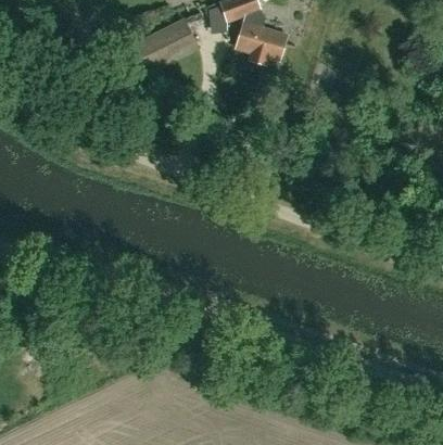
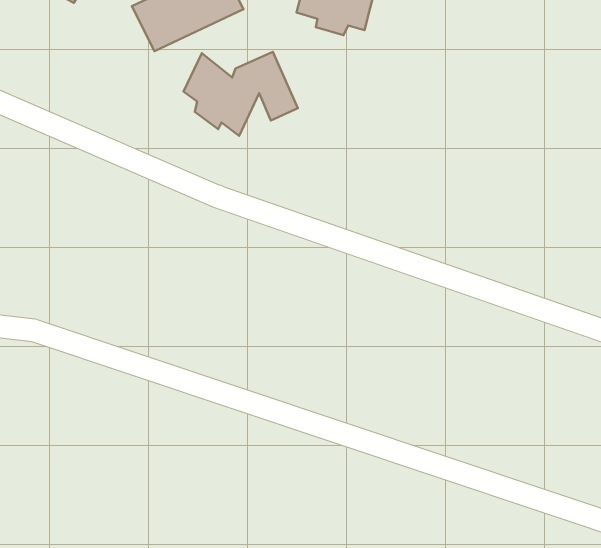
building: none -> [184,52,298,136]

